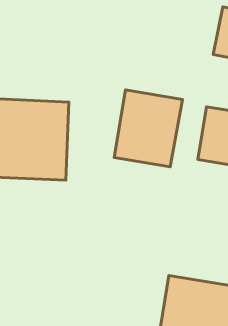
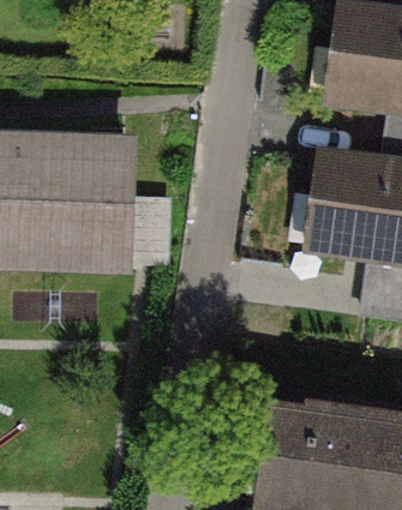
building: [114,90,182,167] -> none

